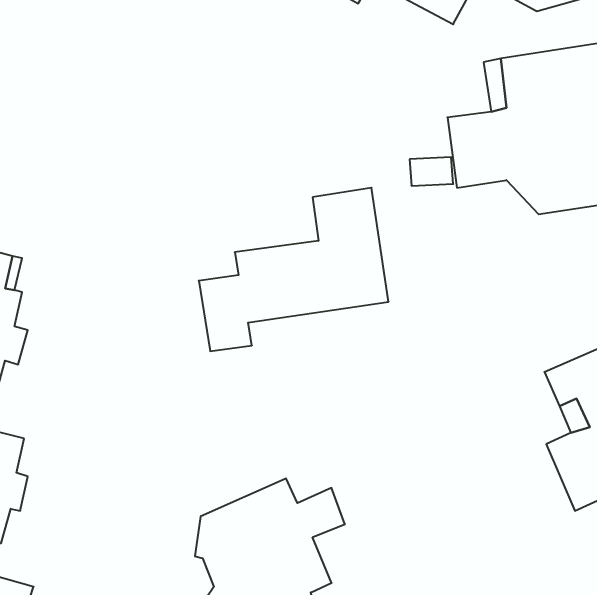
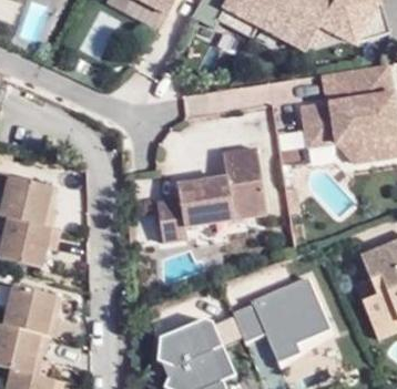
building: none -> [231,278,328,364]

